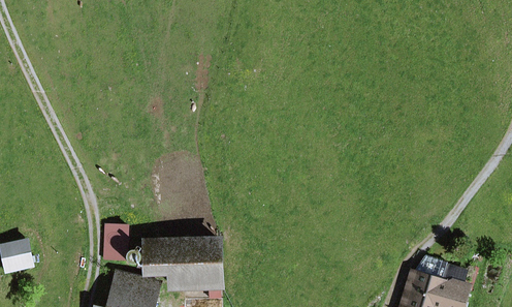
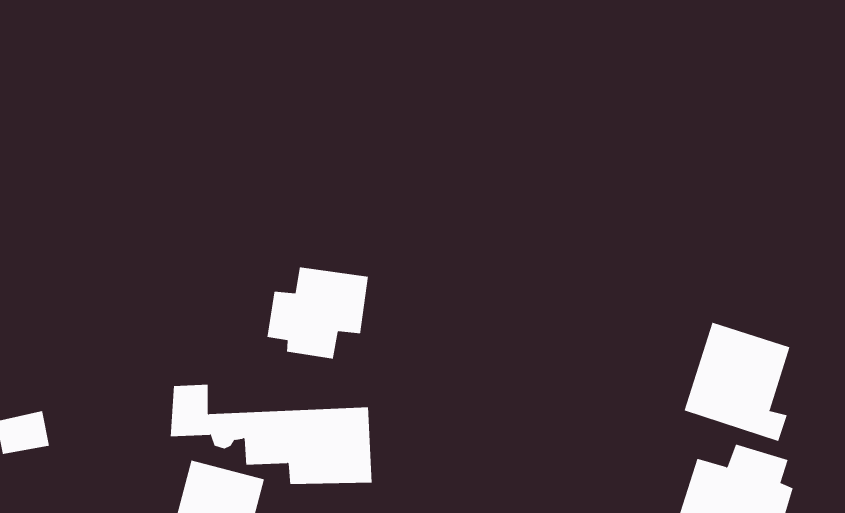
building: none -> [267,266,369,360]
building: none -> [684,322,790,442]

